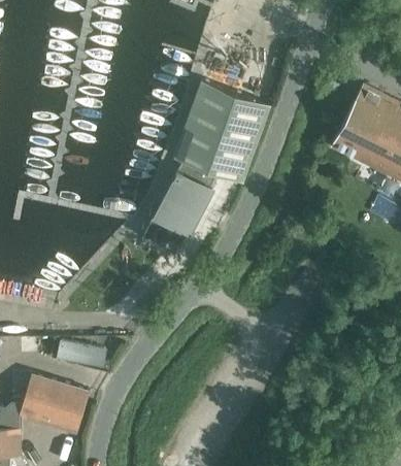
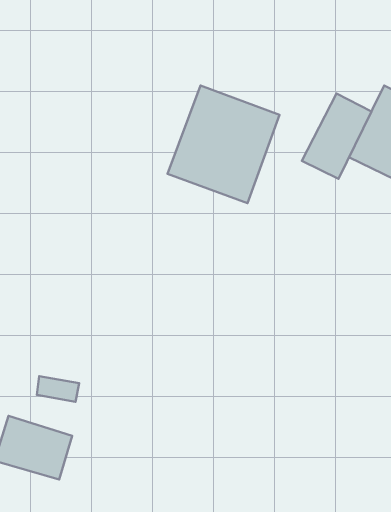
building: none -> [302,94,371,179]
building: [143,165,215,253] -> none

